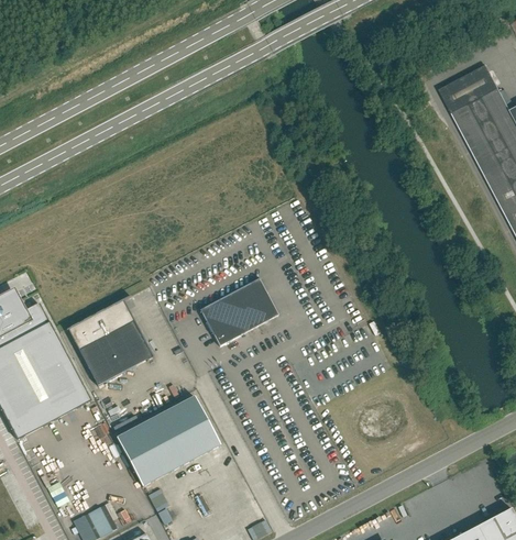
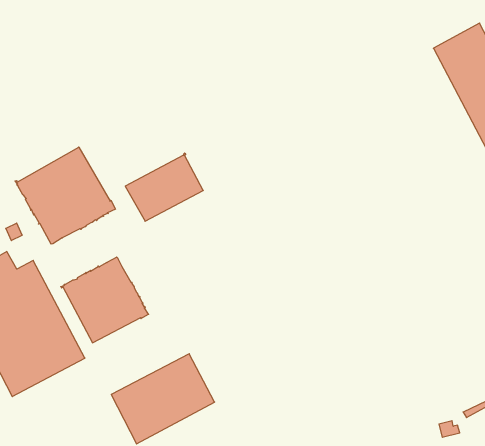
building: none -> [15,147,115,244]
building: [200,277,278,345] -> [125,153,203,221]

